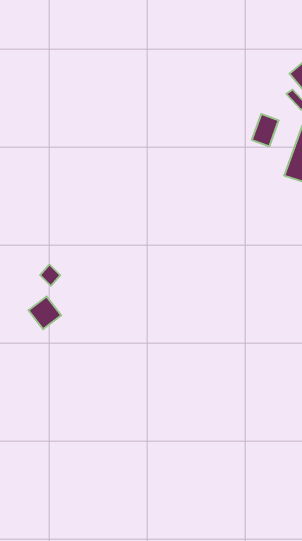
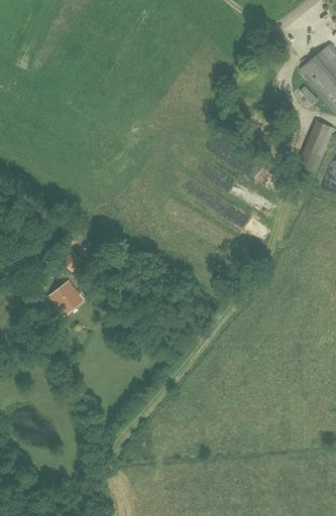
building: [252,114,279,146] -> none

